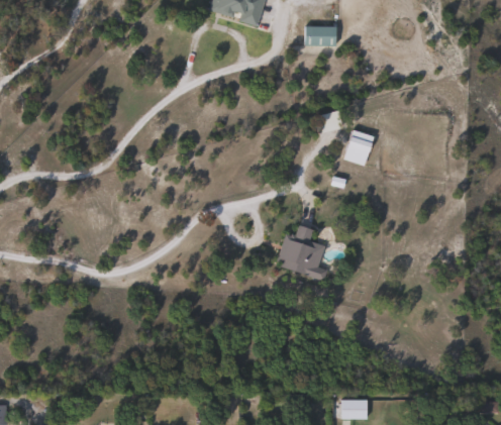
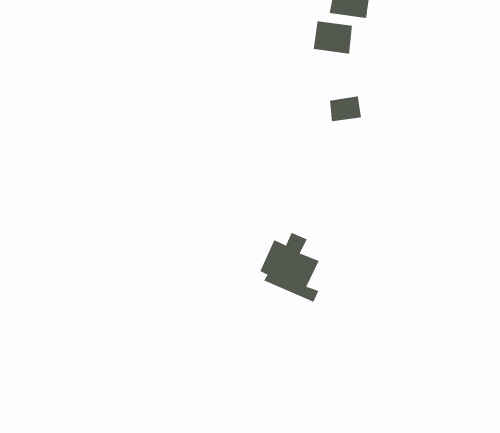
building: none -> [313,20,352,55]
building: [342,129,373,166] -> none

